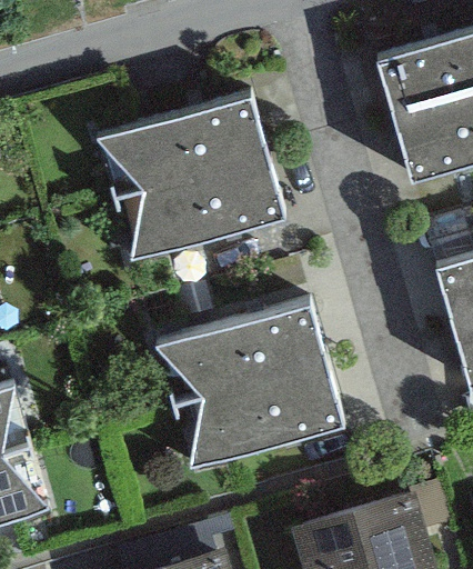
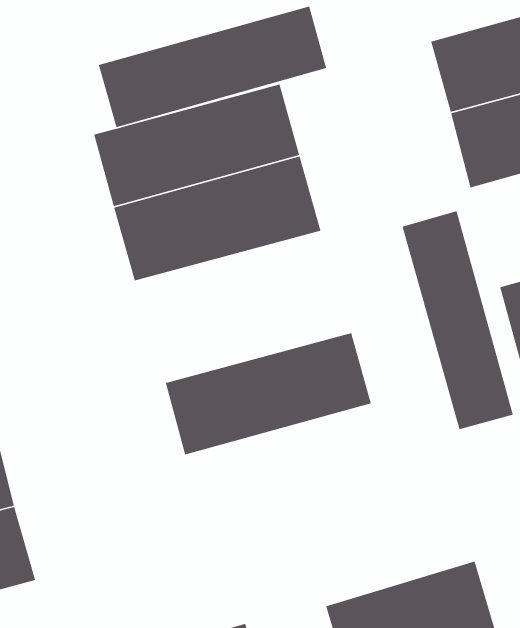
building: none -> [98,6,327,128]
building: none -> [402,210,514,430]
building: [172,363,346,469] -> none

